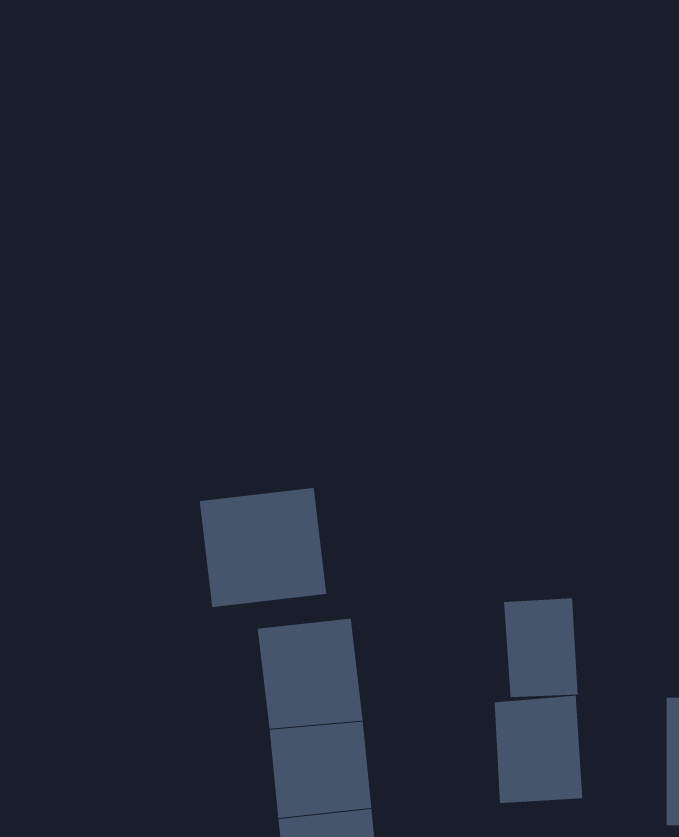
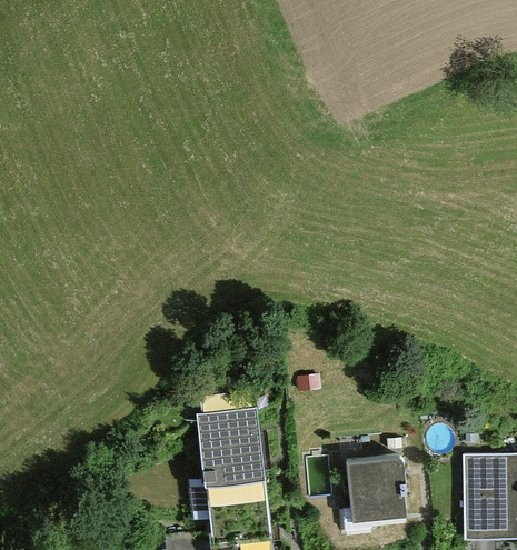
building: [199,487,327,608] -> none
building: [504,597,578,698] -> none

